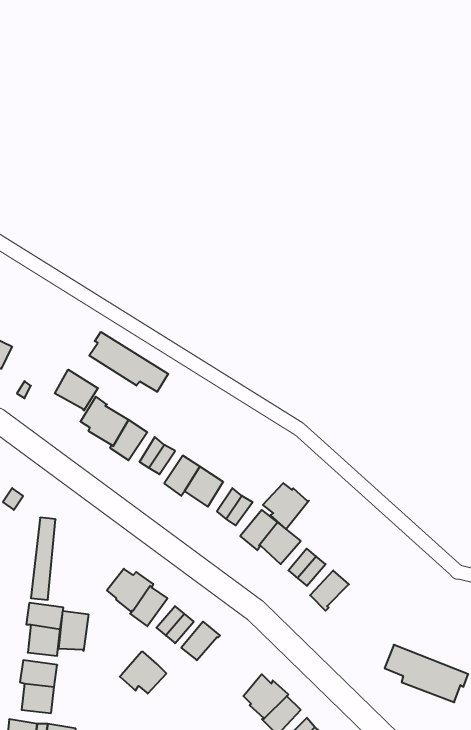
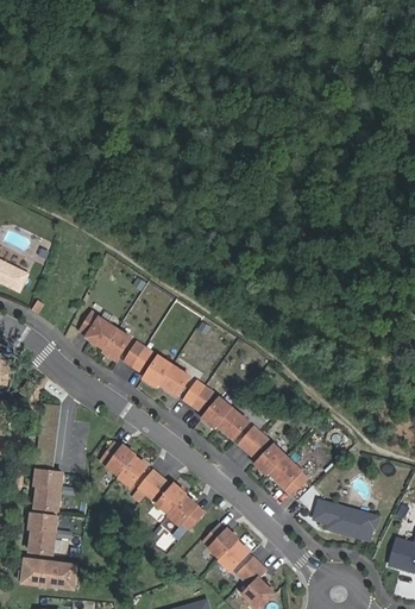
building: [89,332,168,392] -> none
building: [55,370,98,411] -> none
building: [263,483,309,529] -> none
building: none -> [268,454,306,492]
building: [59,611,88,651] -> none
building: [120,652,166,694] -> [166,495,202,527]

